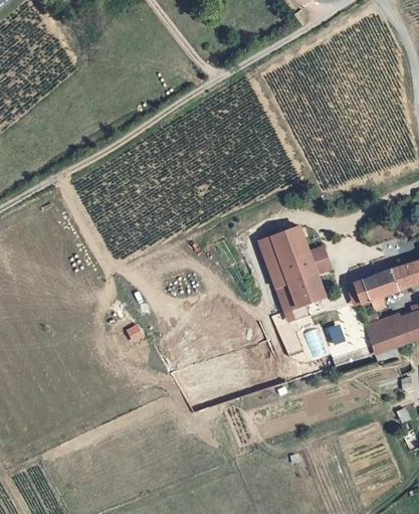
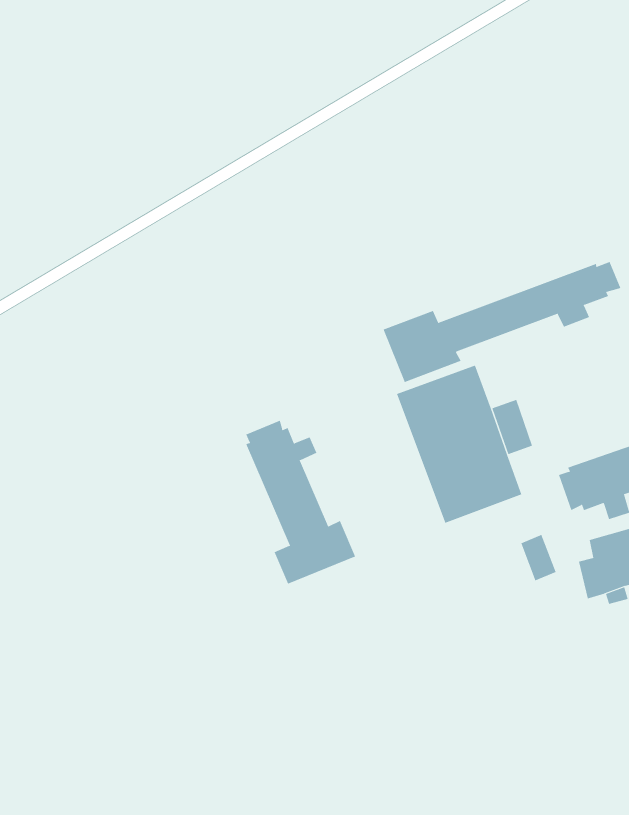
building: none -> [383,261,621,383]
building: none -> [245,420,356,584]

